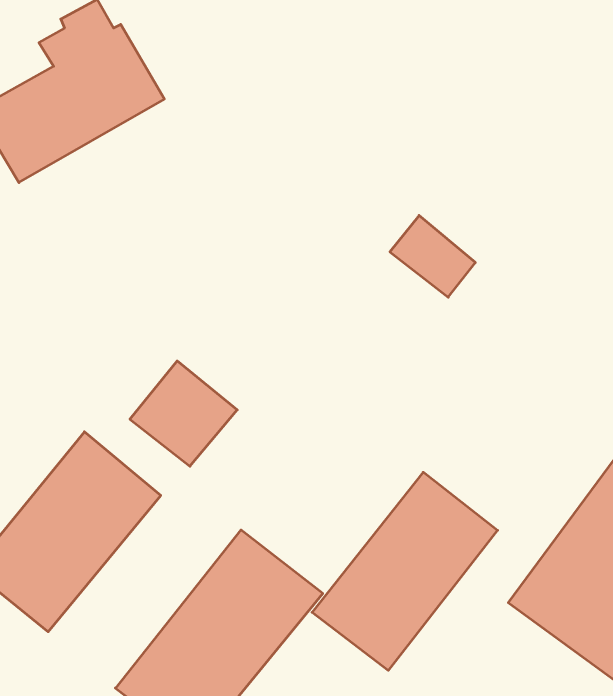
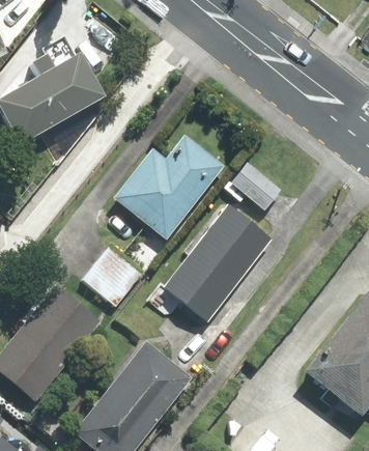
building: none -> [116,135,223,235]
building: [312,472,498,670] -> [165,206,271,319]

